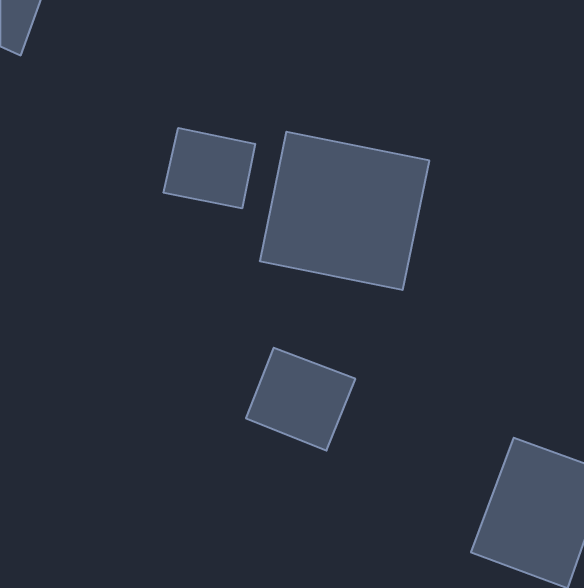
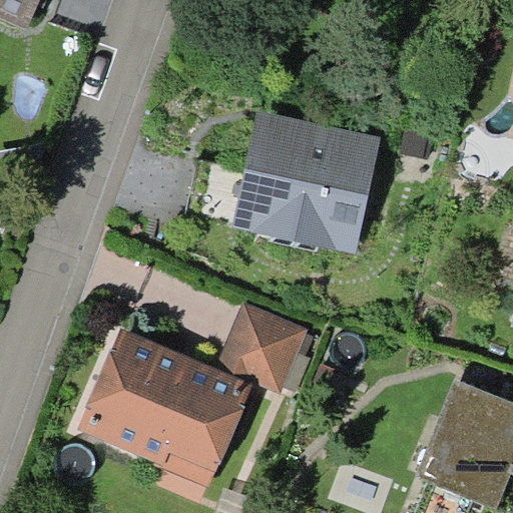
building: [164,128,255,208] -> none
building: none -> [75,327,256,485]

